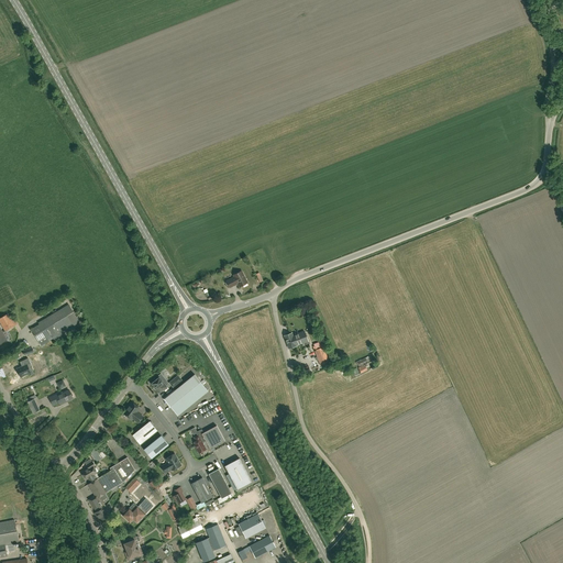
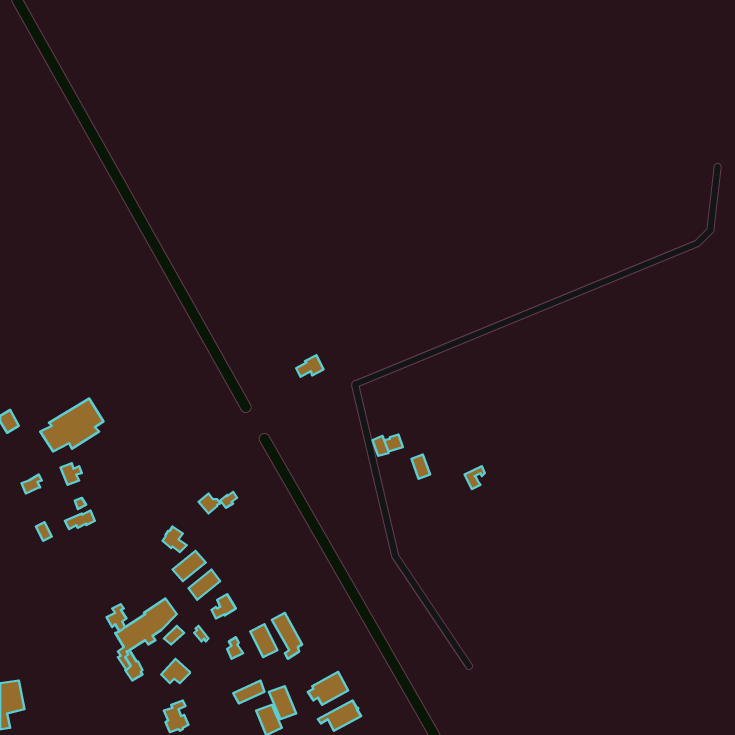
building: [164,375,207,413] -> none
building: [194,426,225,453] -> none
building: [224,459,252,489] -> none

